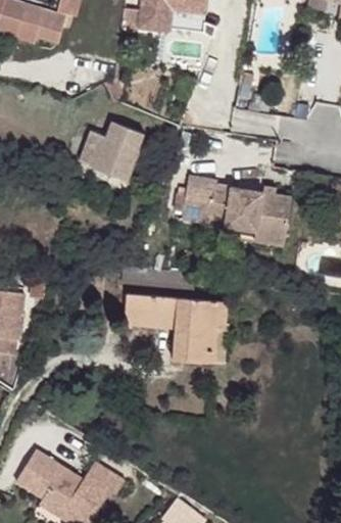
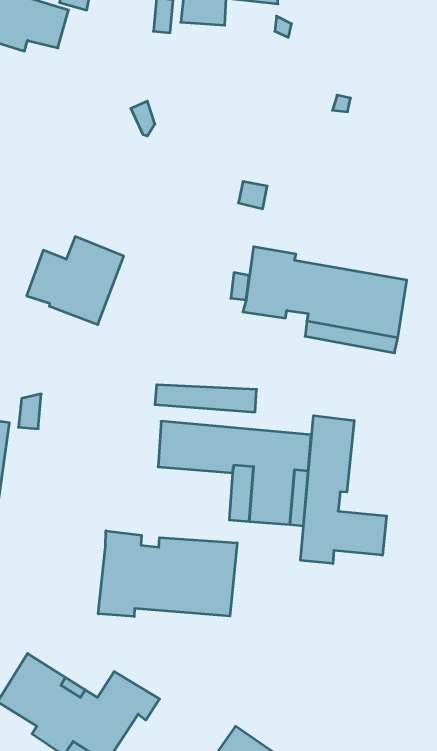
building: [79,120,144,179] -> [27,237,124,325]
building: none -> [301,416,387,564]
building: none -> [98,531,237,617]

